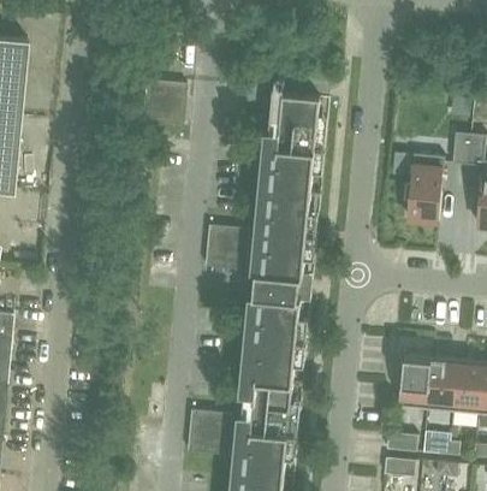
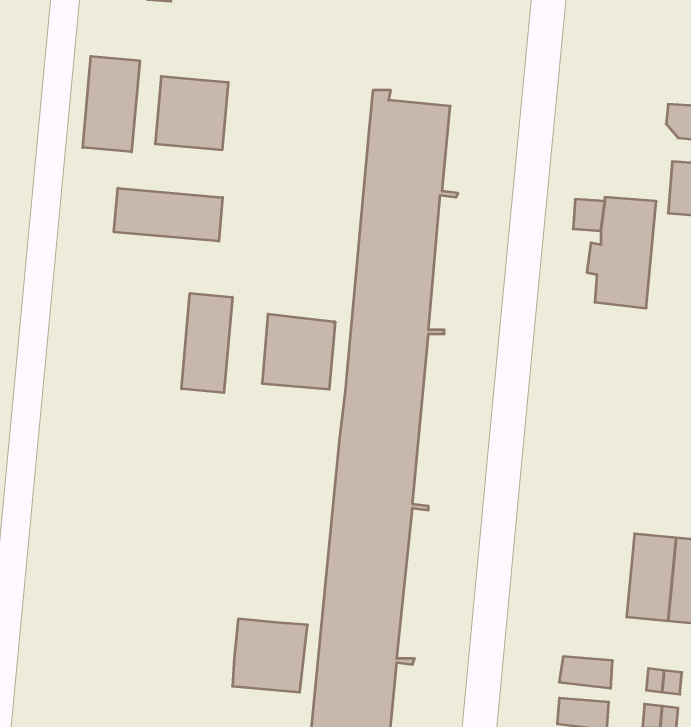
building: none -> [83,56,140,152]
building: none -> [114,188,223,241]
building: none -> [182,293,232,393]
building: [399,356,430,409] -> none

